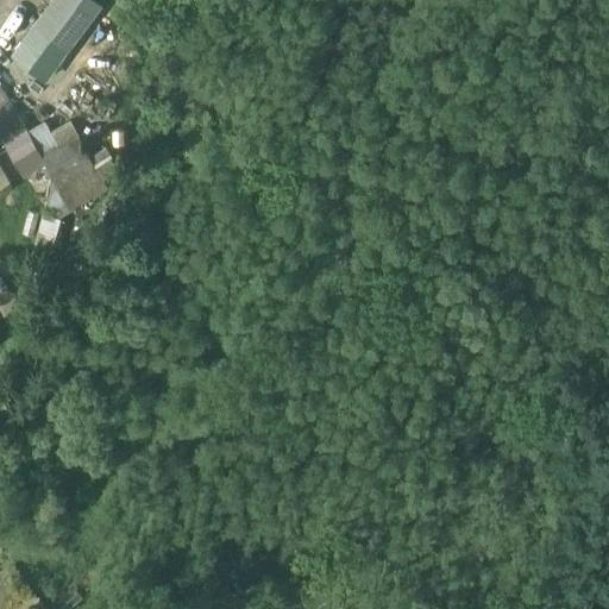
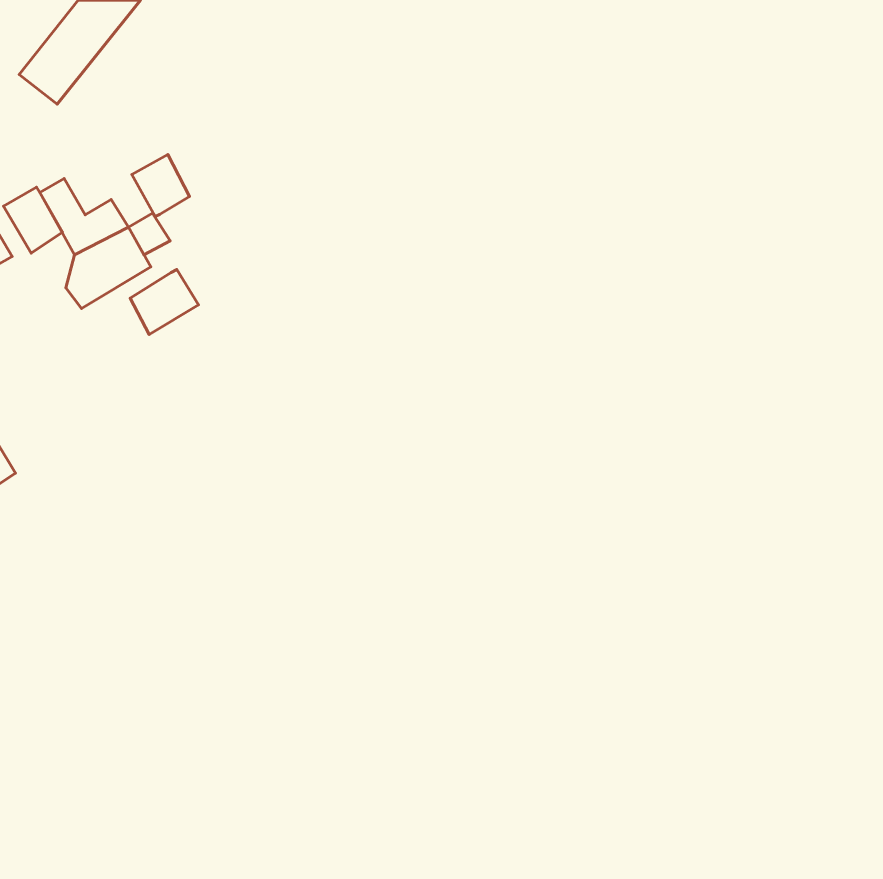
building: none -> [132,154,189,216]
building: none -> [130,269,199,334]

